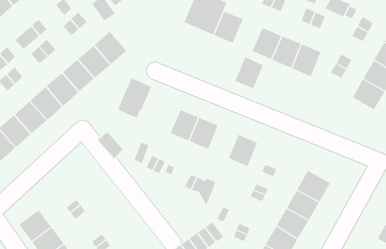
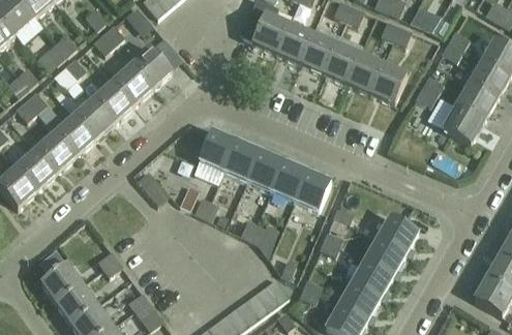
building: [235,56,264,89] -> [300,32,335,71]
building: [117,77,152,118] -> [194,130,236,180]
building: none -> [270,161,306,201]

